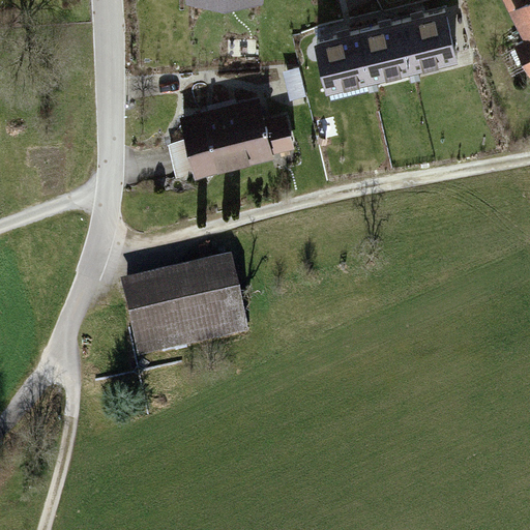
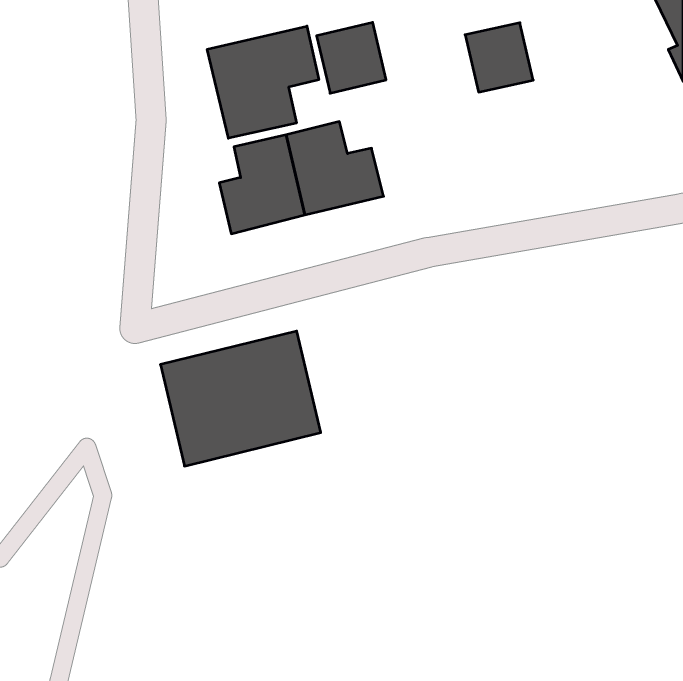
building: [403,8,455,62] -> none
building: none -> [207,26,319,138]
building: [317,27,371,82] -> [317,22,386,93]

